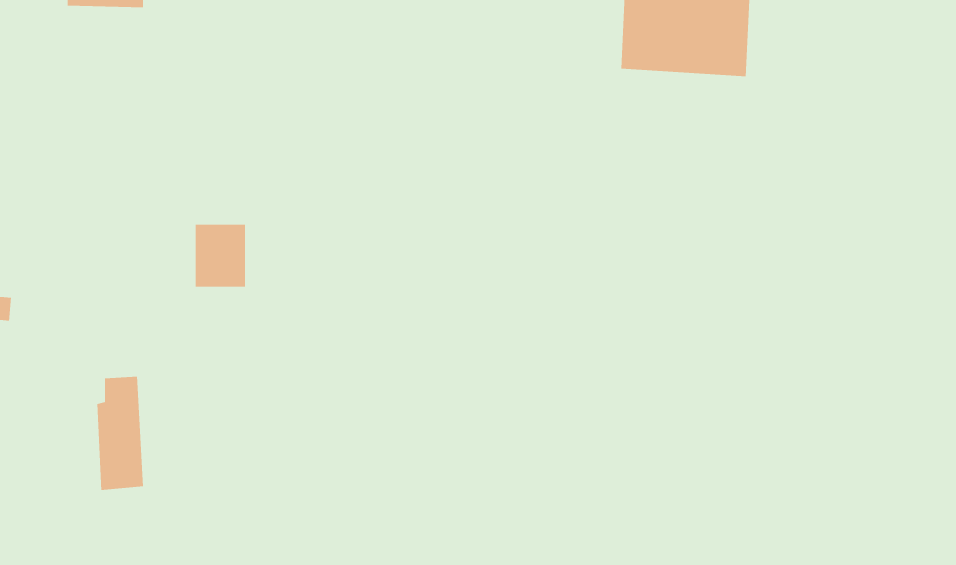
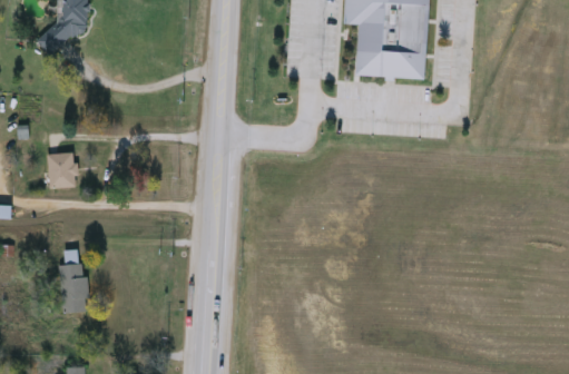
building: [195,224,246,287] -> [46,151,75,187]

